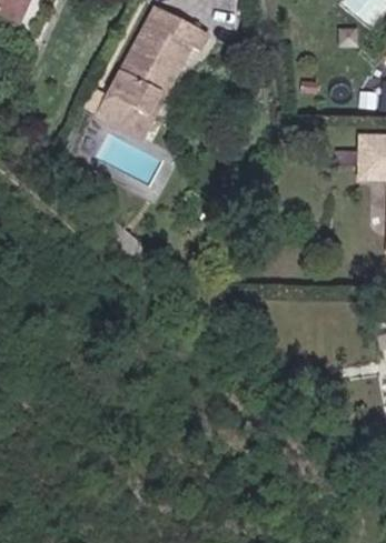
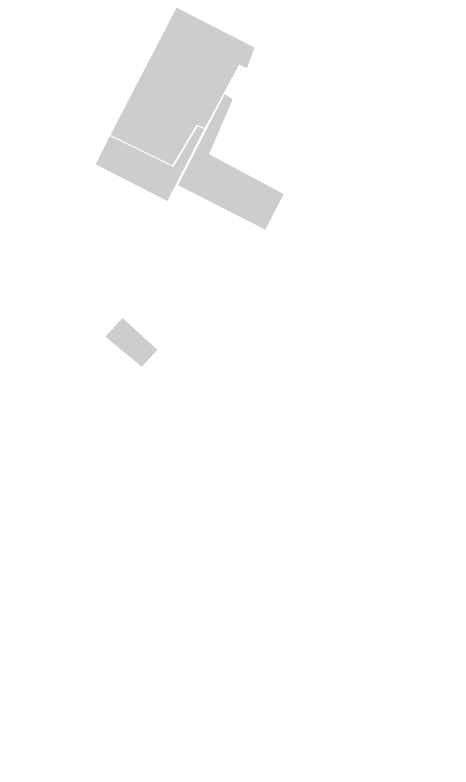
building: none -> [177,93,285,231]

